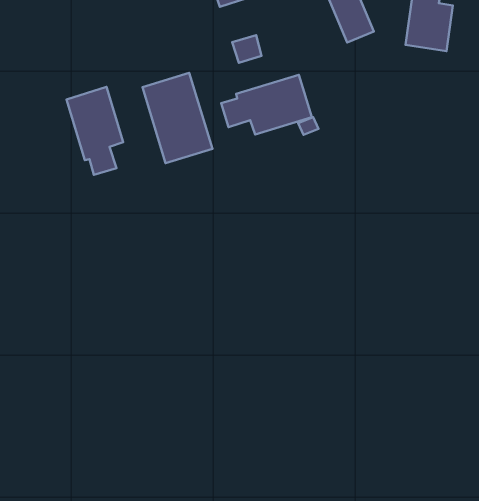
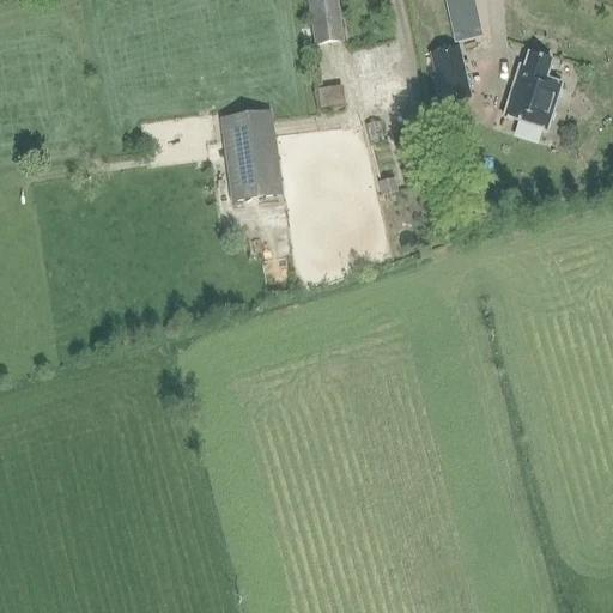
building: [221,75,312,134] -> none
building: [67,87,123,175] -> none

